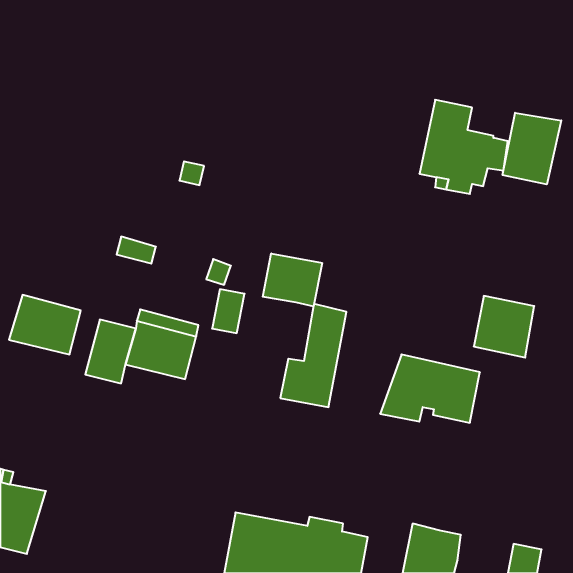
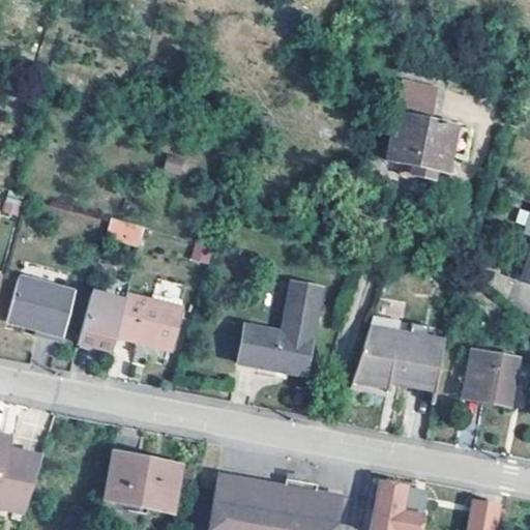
building: [503,113,561,184] -> none
building: [263,253,322,306] -> none
building: [212,289,245,333] -> [236,327,266,367]
building: [474,296,534,358] -> [462,354,518,411]
building: none -> [107,458,181,513]

